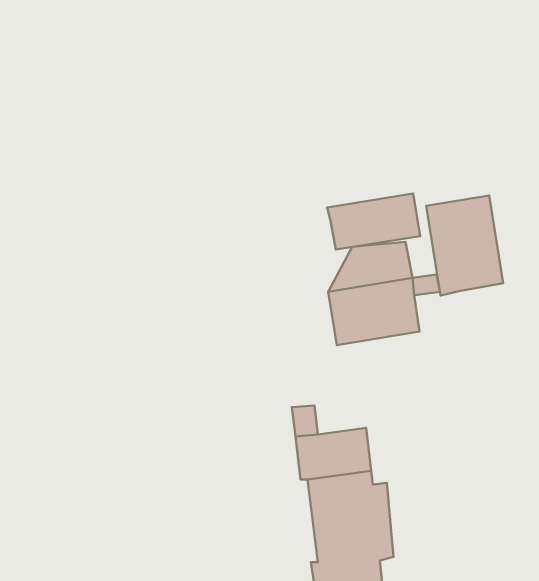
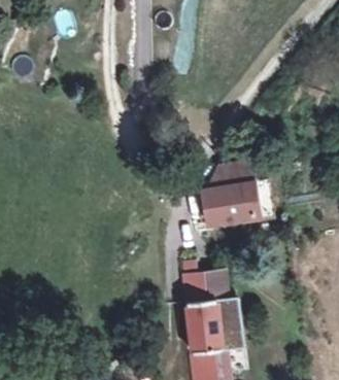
building: [327,193,420,250] -> none
building: [426,195,503,295] -> none

